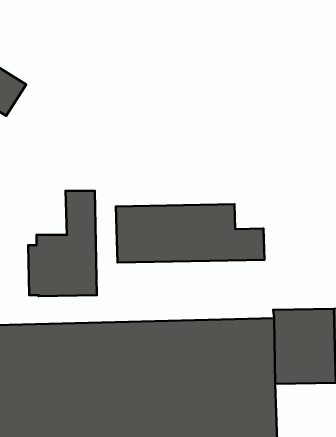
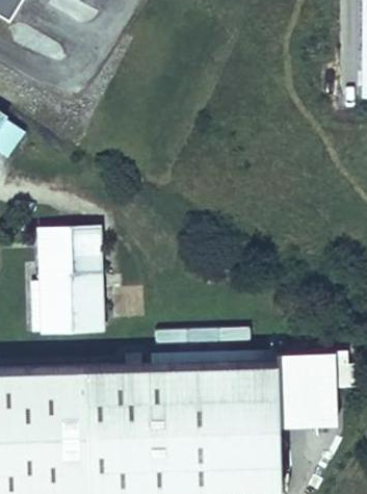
building: none -> [40,234,71,278]
building: [116,204,265,263] -> none

